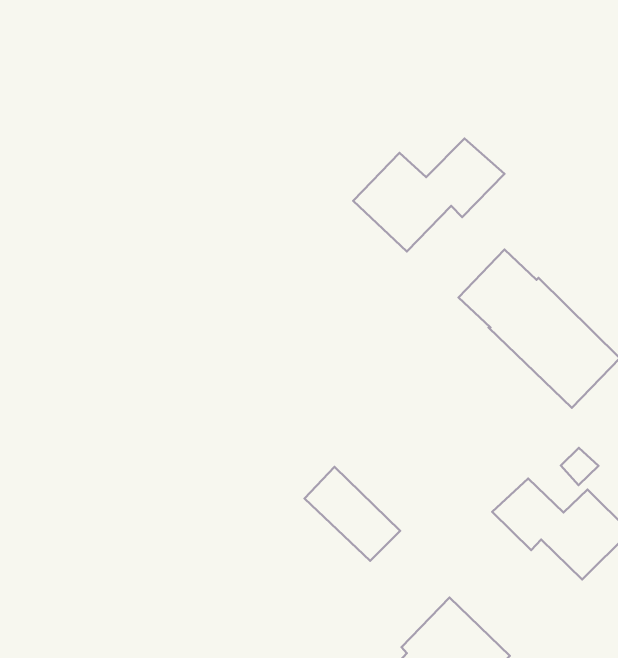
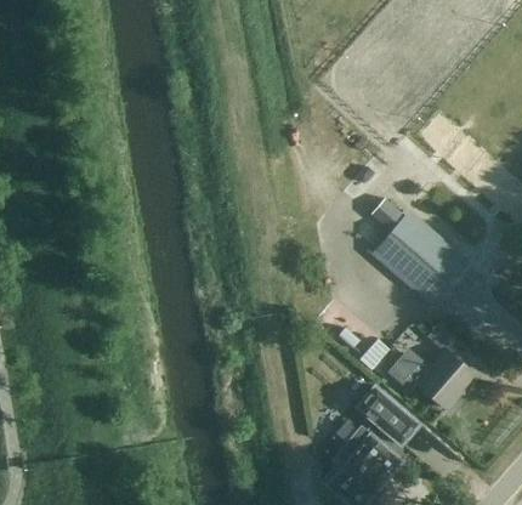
building: [353,138,505,252] -> none
building: [304,467,400,561] -> [357,385,420,444]

